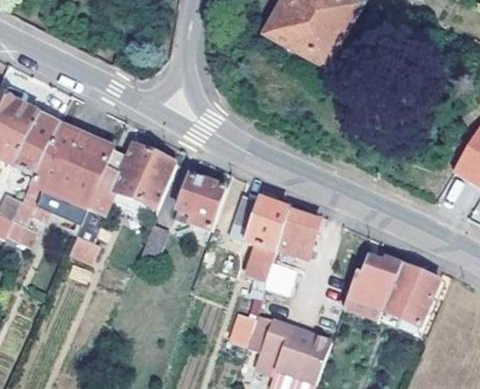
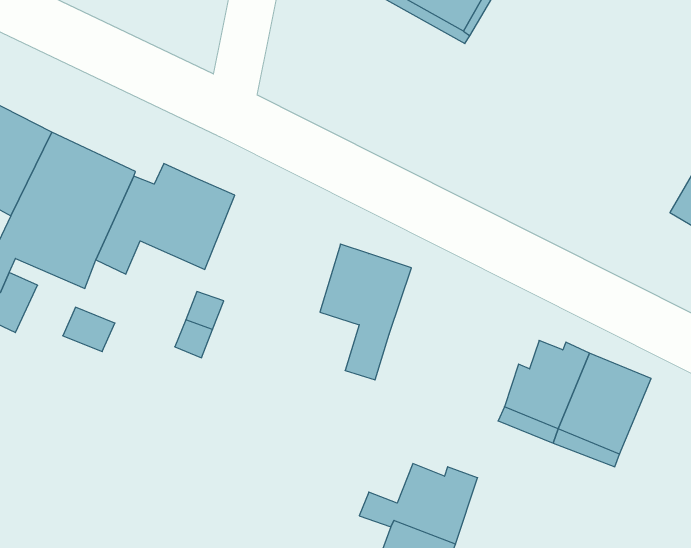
building: [174,173,227,227] -> none
building: [263,207,319,289] -> none
building: [239,310,311,364] -> none

